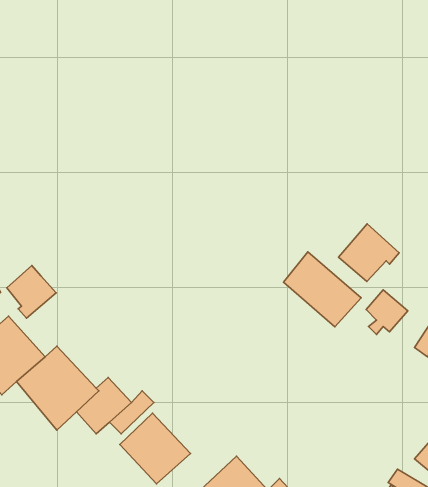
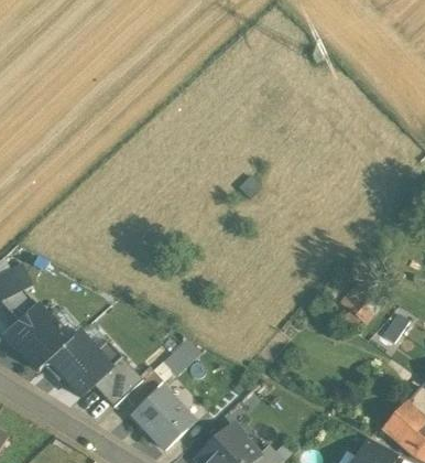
building: [338,224,399,281] -> none
building: [284,252,361,327] -> none
building: [7,265,56,318] -> none

